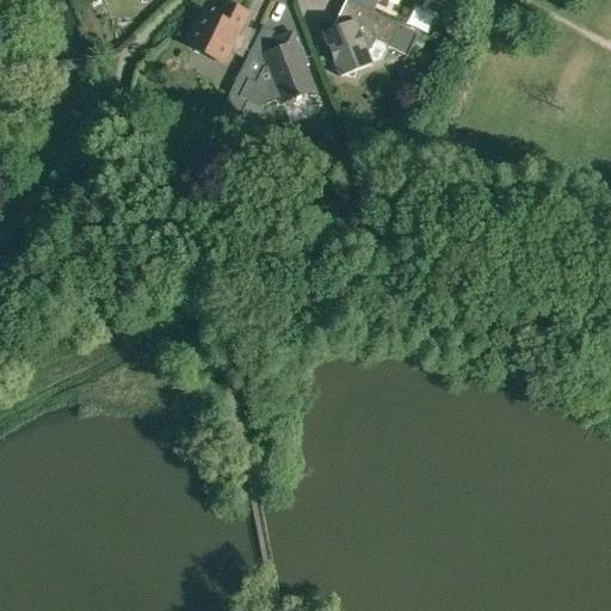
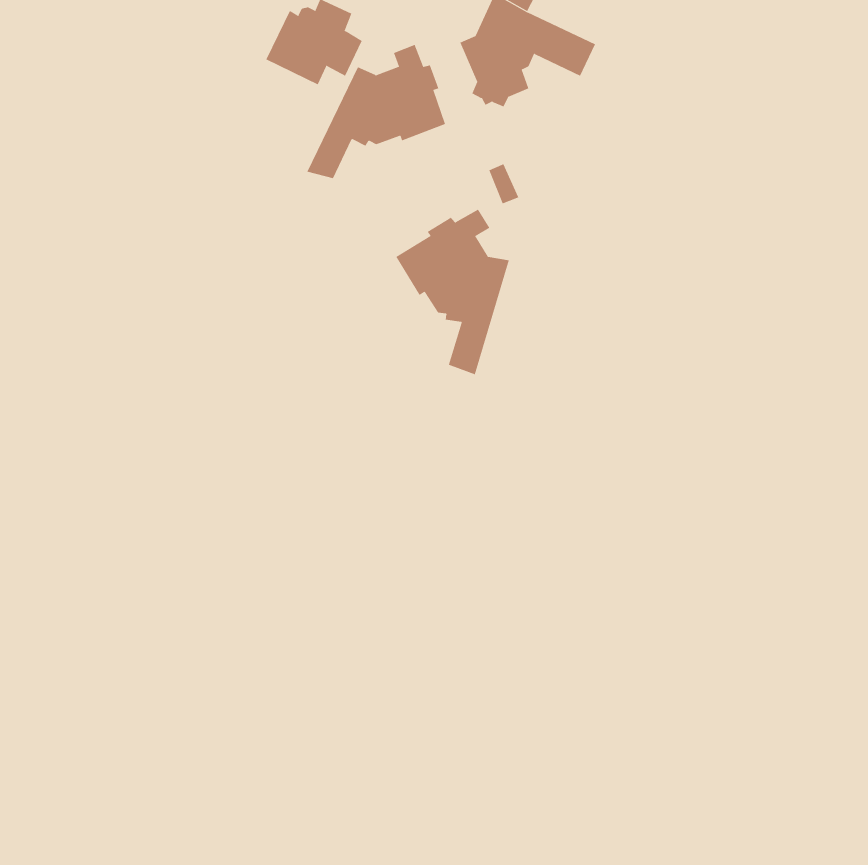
building: none -> [396,209,509,375]

